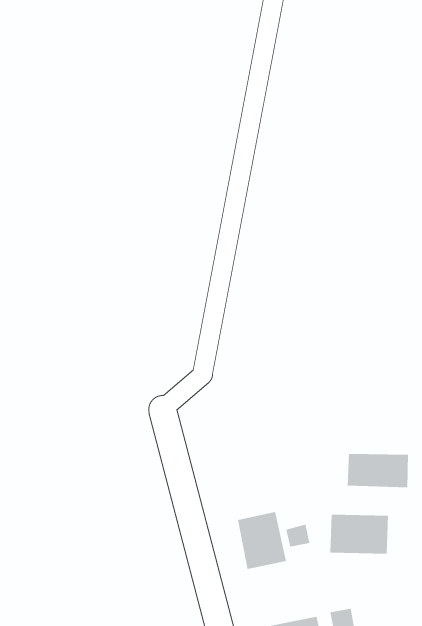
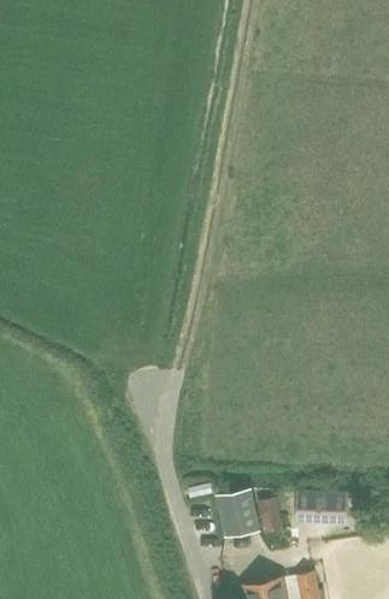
building: [347,453,409,488] -> none

